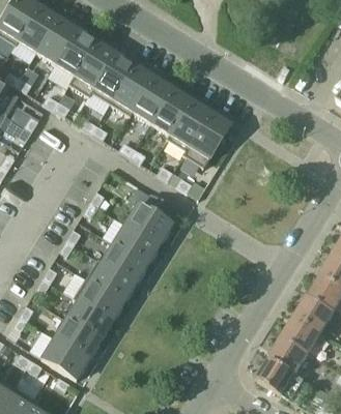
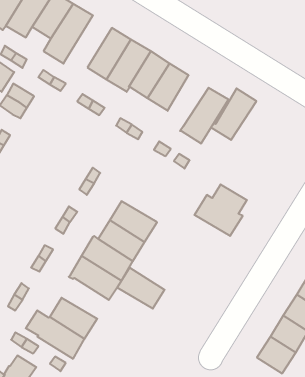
building: [69,39,115,95] -> none
building: [166,98,210,149] -> [211,88,256,140]
building: [124,193,176,243] -> [194,184,247,236]
building: [65,298,112,338] -> [117,268,165,309]

